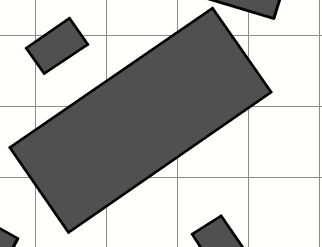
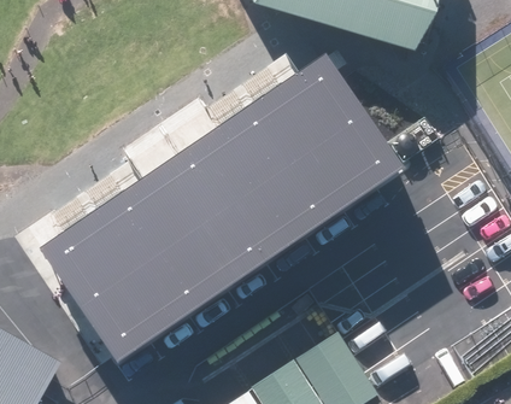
building: [26,18,88,73] -> none

